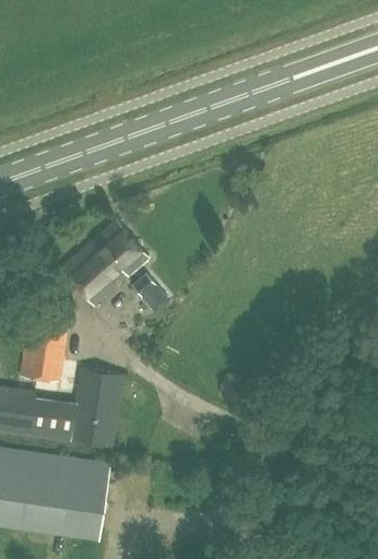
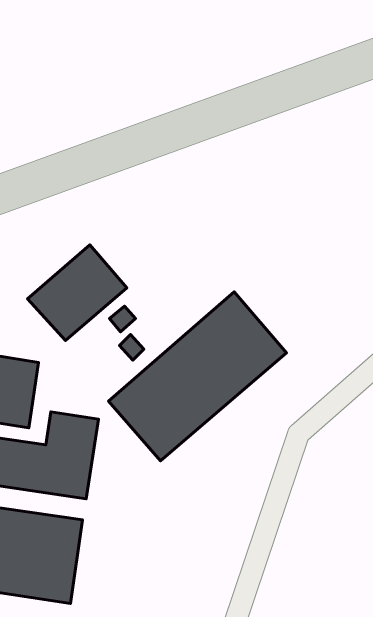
building: none -> [109,292,286,461]

